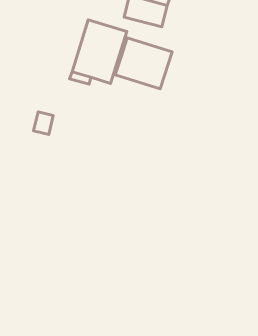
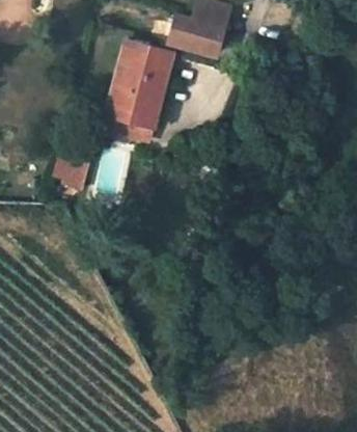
building: [115,38,172,89] -> none

